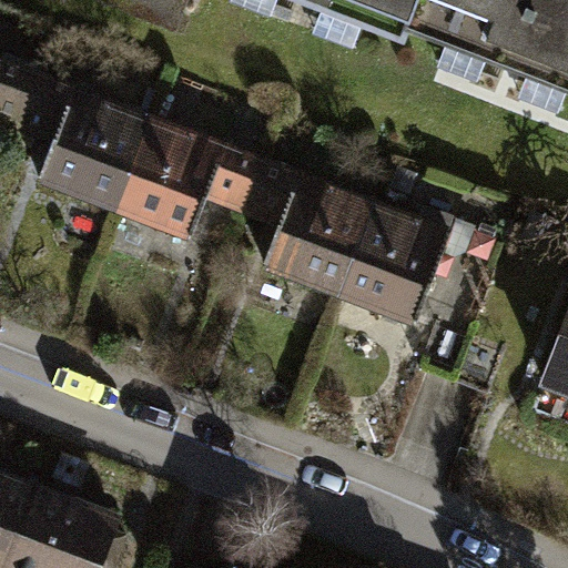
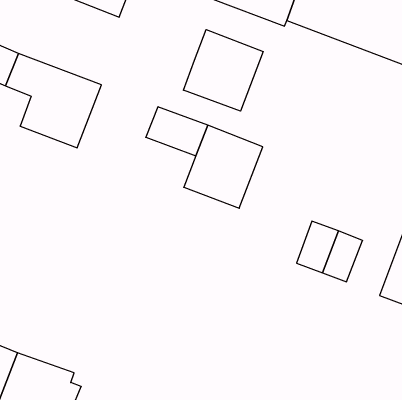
building: none -> [183,30,263,111]
building: [115,120,226,235] -> none
building: [338,203,455,320] -> none

